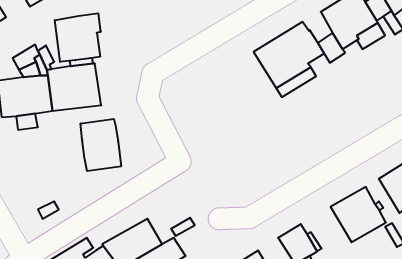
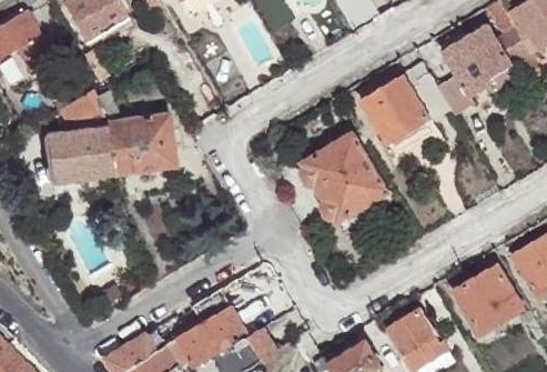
building: [55,13,101,62] -> none
building: none -> [300,132,394,233]
building: [81,119,121,171] -> none

